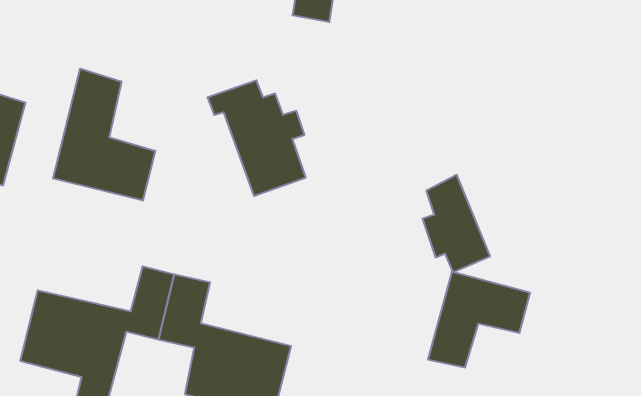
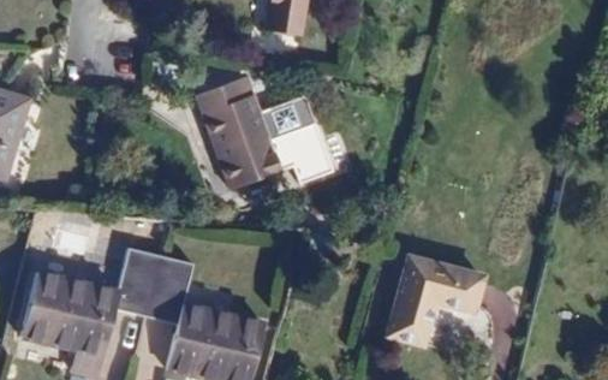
building: [53,69,155,201] -> none
building: [422,175,490,272] -> [267,95,328,183]

